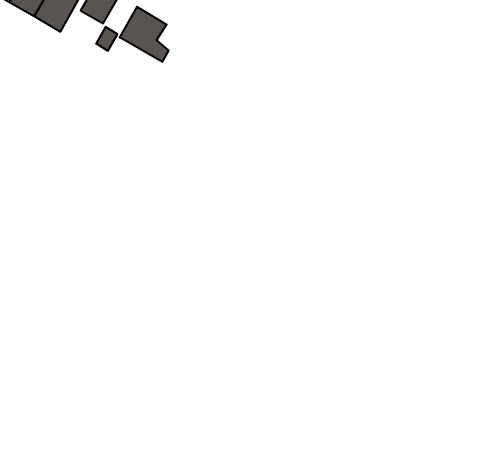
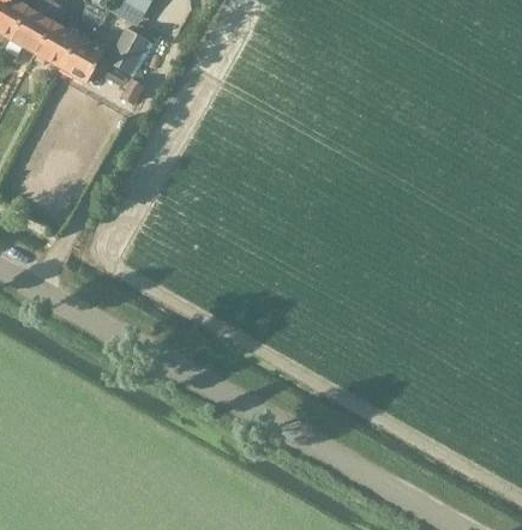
building: [120,7,168,62] -> none

